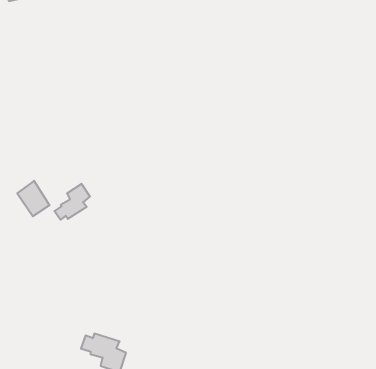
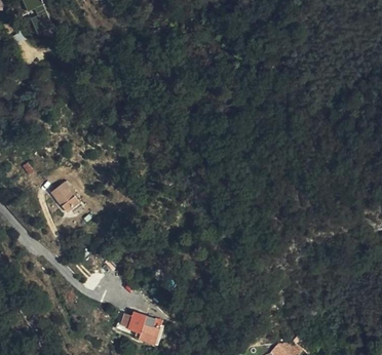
building: [54,184,90,220] -> none

